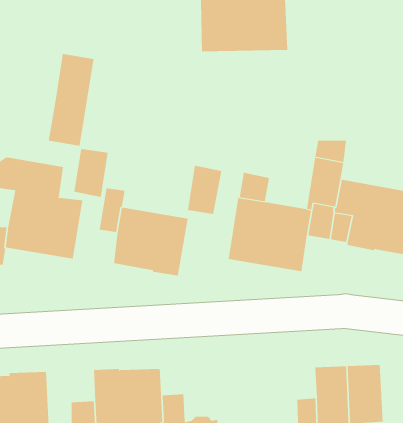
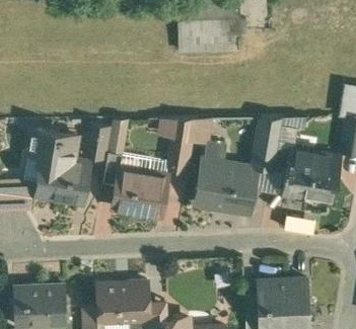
building: [48,53,94,146] -> none

